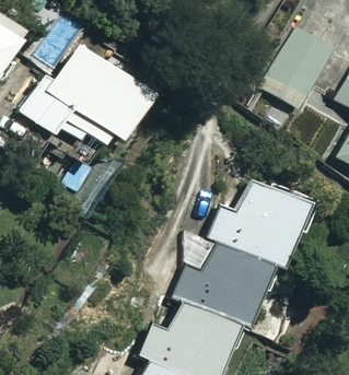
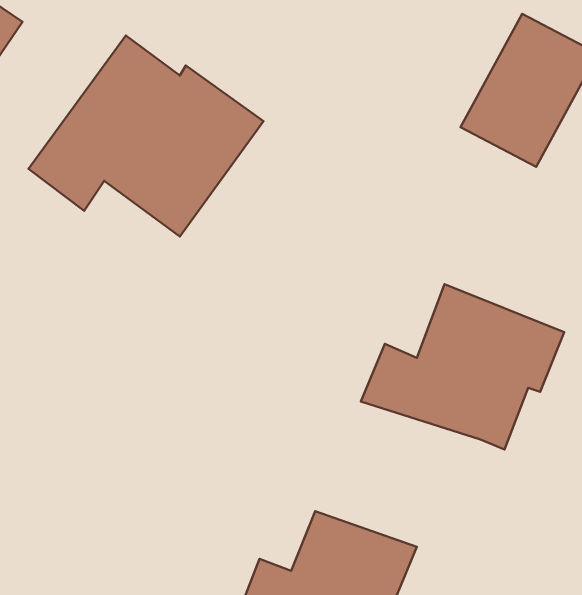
building: [173,235,272,325] -> none

